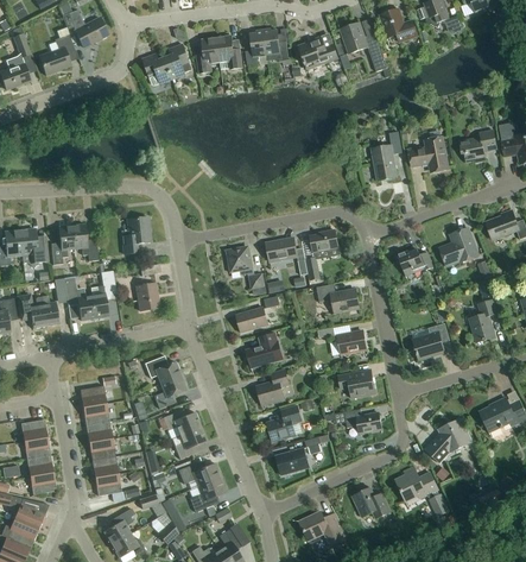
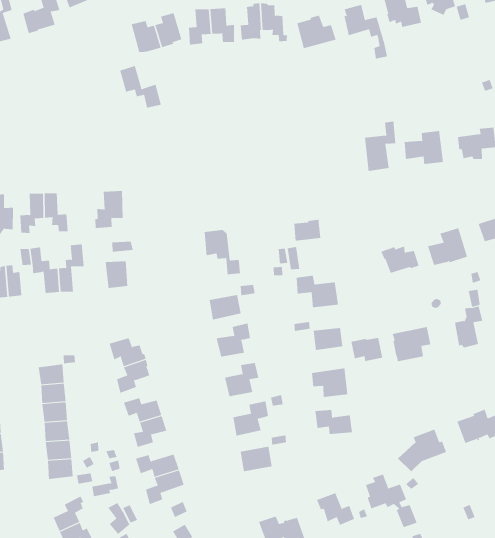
building: none -> [120,65,162,109]
building: [266,236,298,261] -> none
building: none -> [351,337,383,362]

